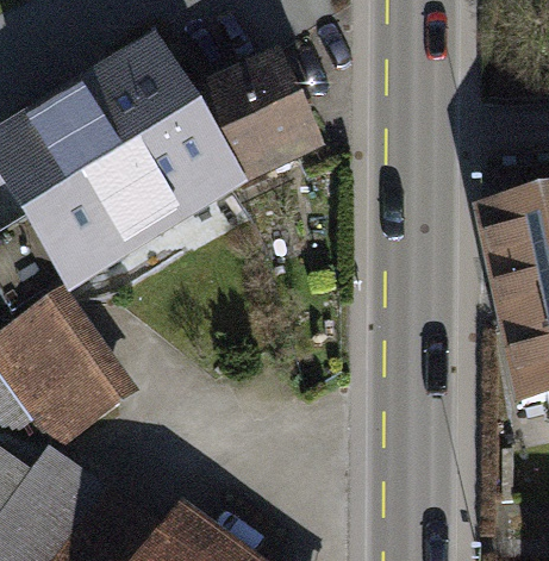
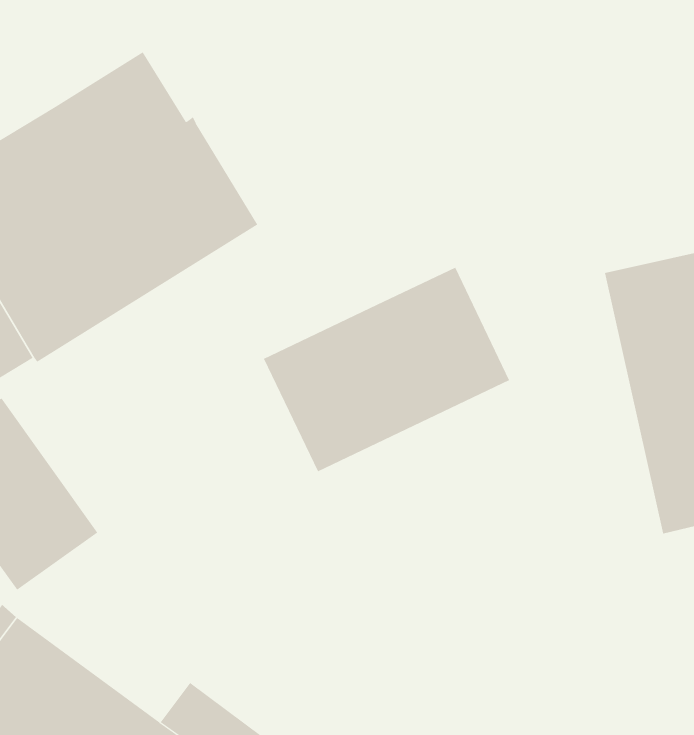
building: [191,54,316,176] -> none
building: none -> [263,267,510,472]

